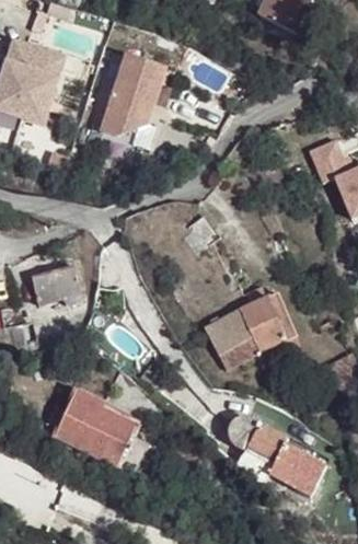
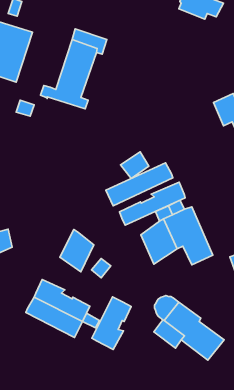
building: none -> [106,163,173,206]
building: none -> [119,182,185,225]
building: [32,265,83,303] -> none
building: none -> [60,229,94,272]
building: none -> [92,297,131,349]

